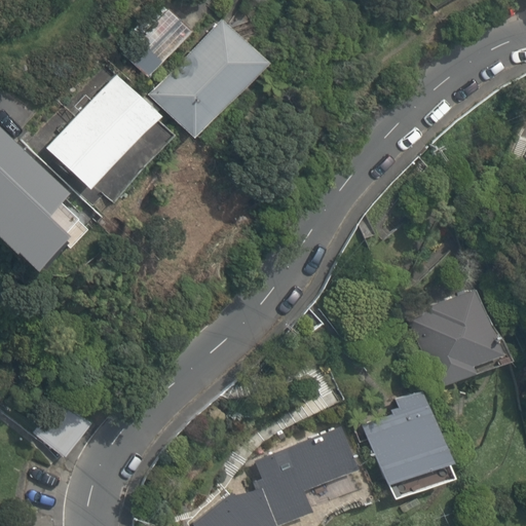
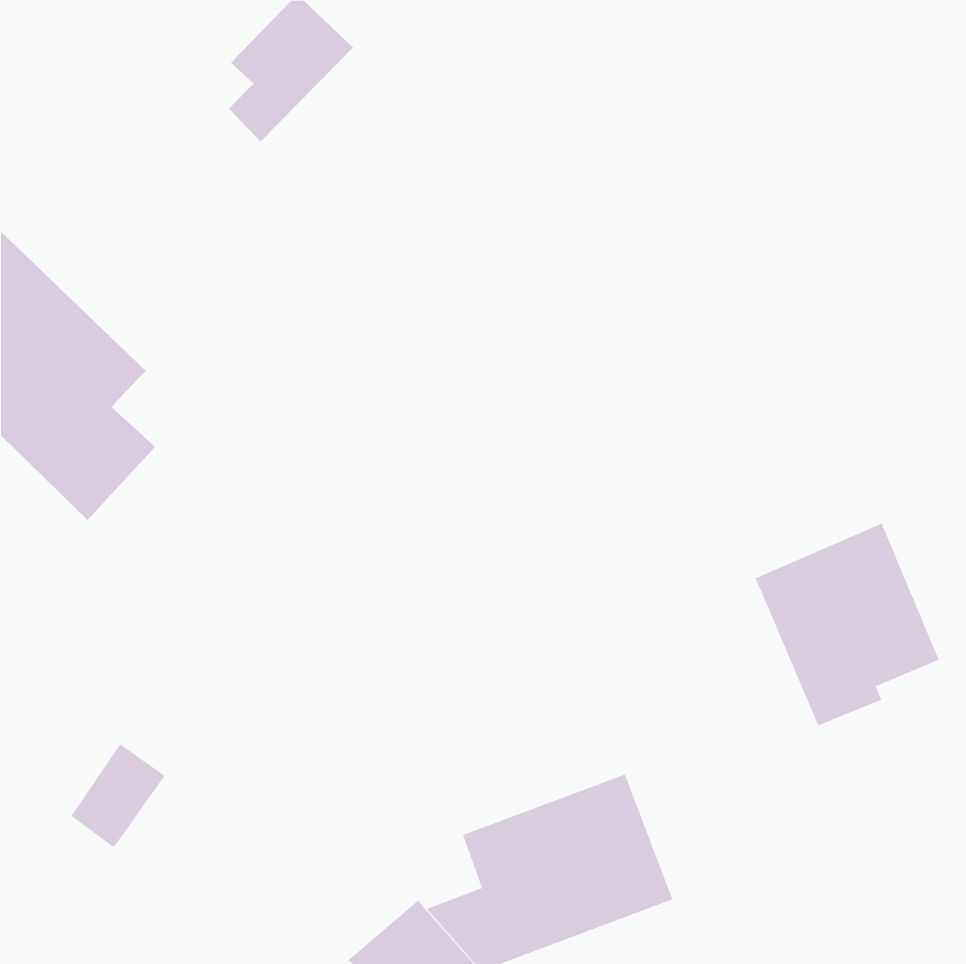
building: [149,21,265,136] -> none
building: [49,81,166,200] -> none
building: [360,385,444,481] -> none

